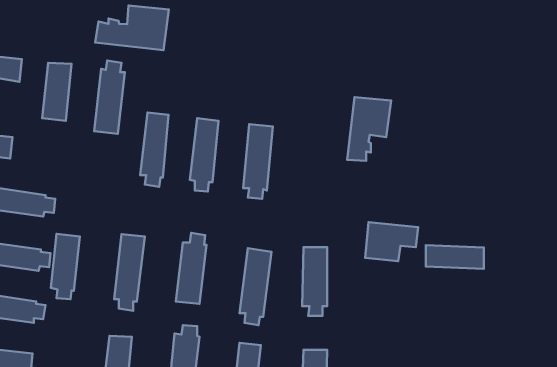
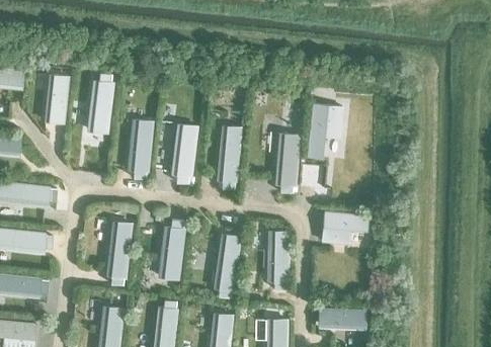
building: [95,6,169,50] -> none
building: none -> [274,134,300,194]
building: [51,234,80,299] -> none
building: [426,245,484,269] -> [318,310,367,330]

